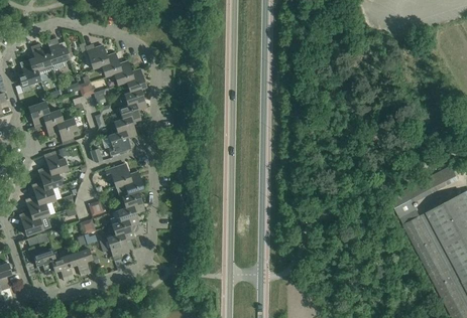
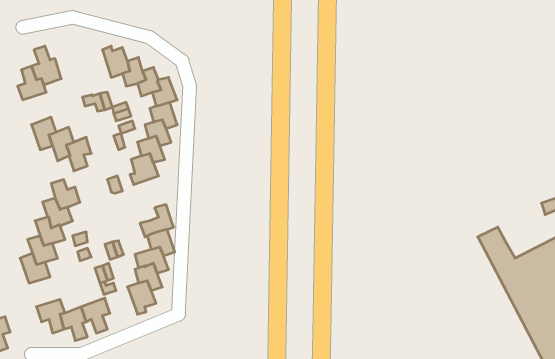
building: [47,37,70,69] -> none
building: [105,163,131,187] -> none

